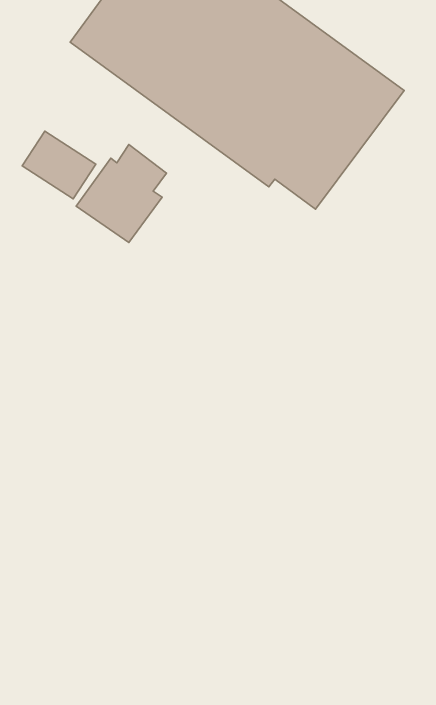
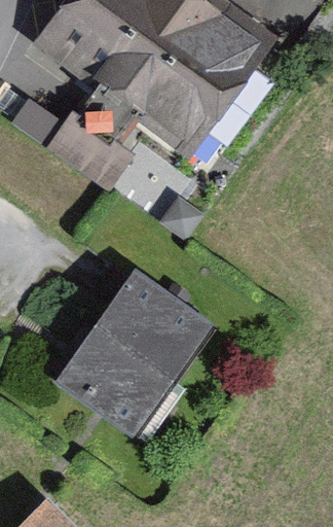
building: none -> [61,277,199,424]

